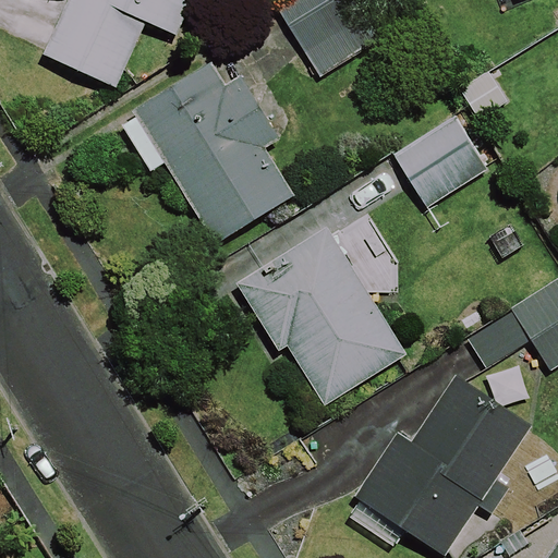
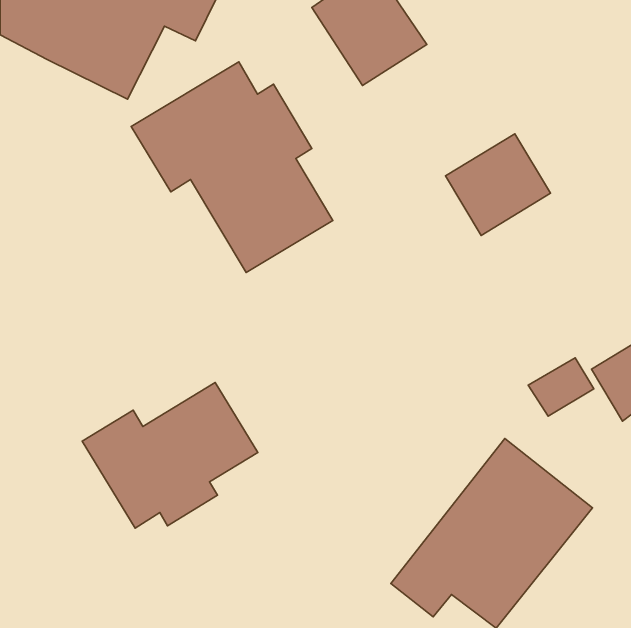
building: [236,206,404,403] -> none
building: none -> [82,382,258,528]

